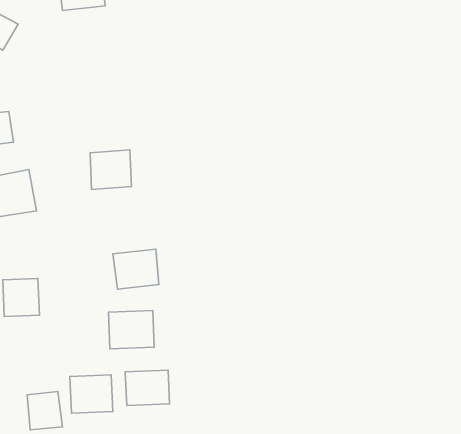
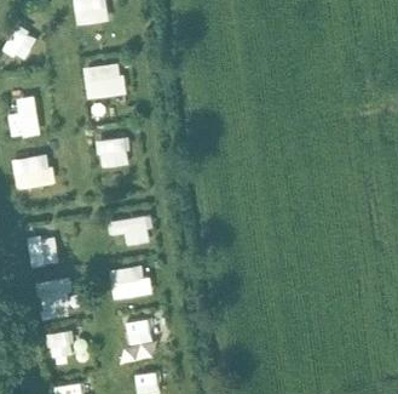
building: none -> [82,63,125,99]
building: [70,375,113,413] -> [36,280,70,310]

